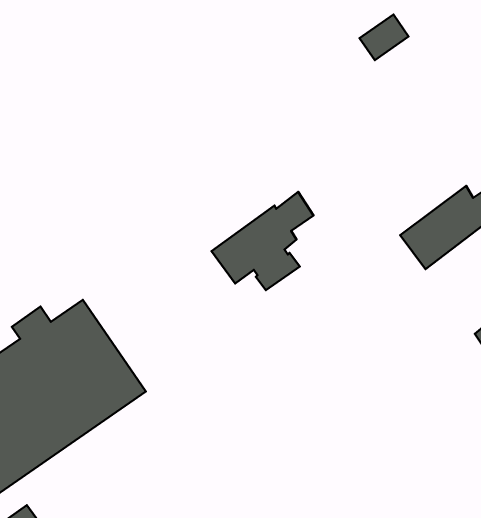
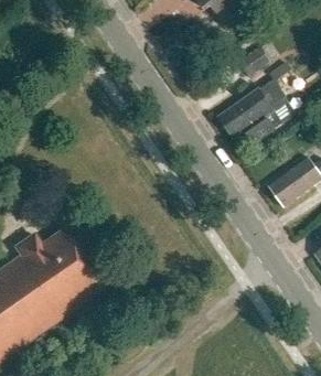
building: [212,192,313,290] -> [221,76,287,140]

